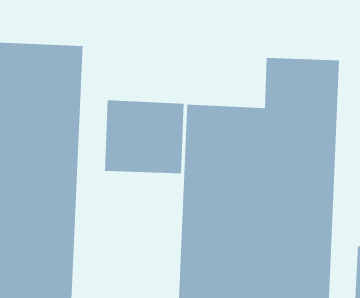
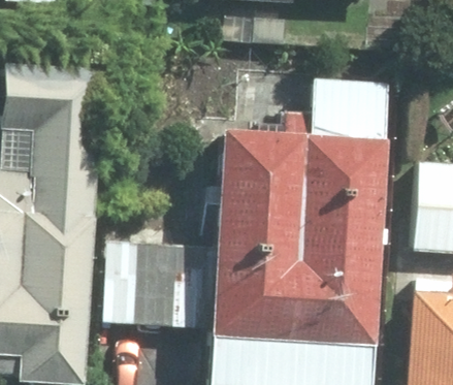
building: [104,100,185,174] -> [108,240,200,325]

